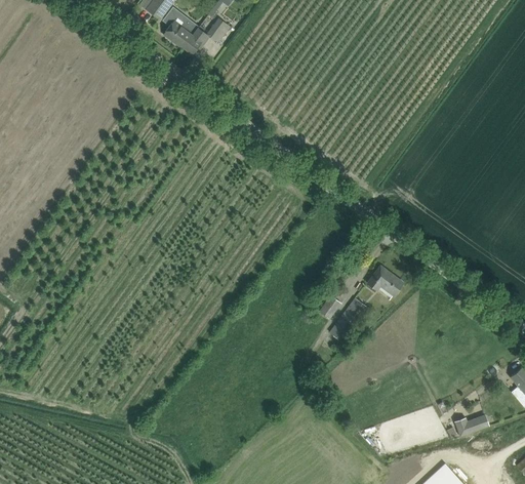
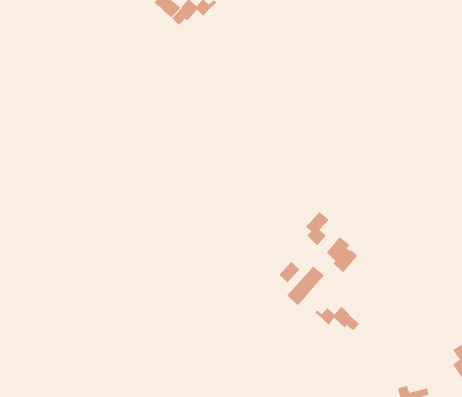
building: none -> [305,211,329,246]
building: none -> [314,306,360,331]

